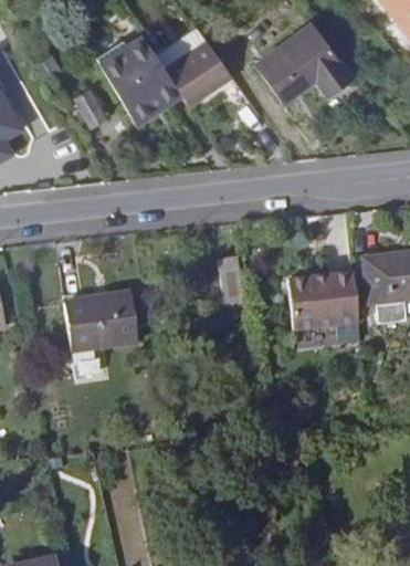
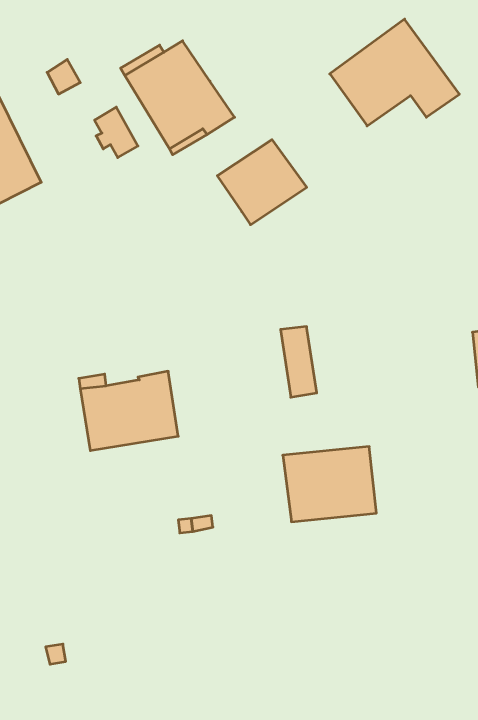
building: [162,41,231,106] -> [217,140,307,225]
building: [287,273,359,331] -> [283,447,376,522]

